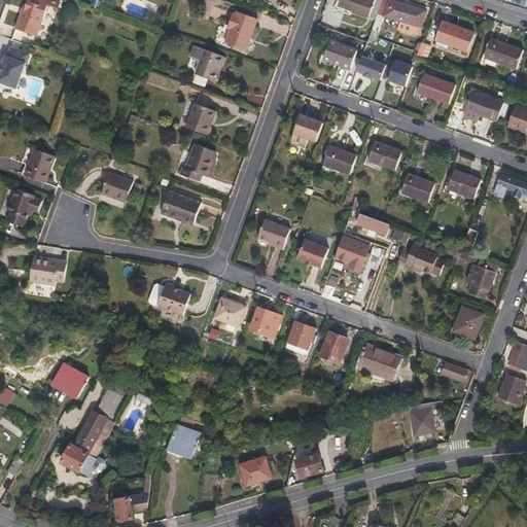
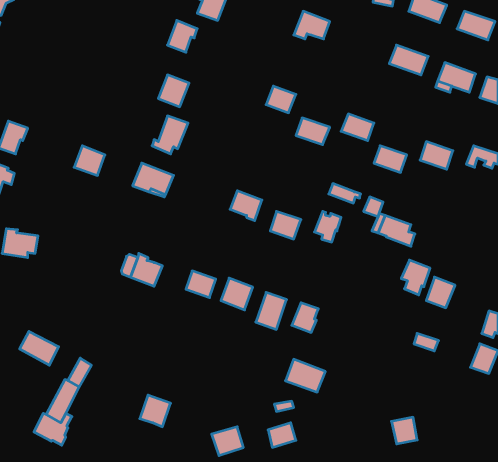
building: [359,58,386,79] -> none
building: [389,59,416,87] -> none
building: [465,261,494,296] -> [401,260,430,295]
building: [358,345,398,378] -> [285,359,325,392]
building: [409,408,434,434] -> [391,417,417,444]

